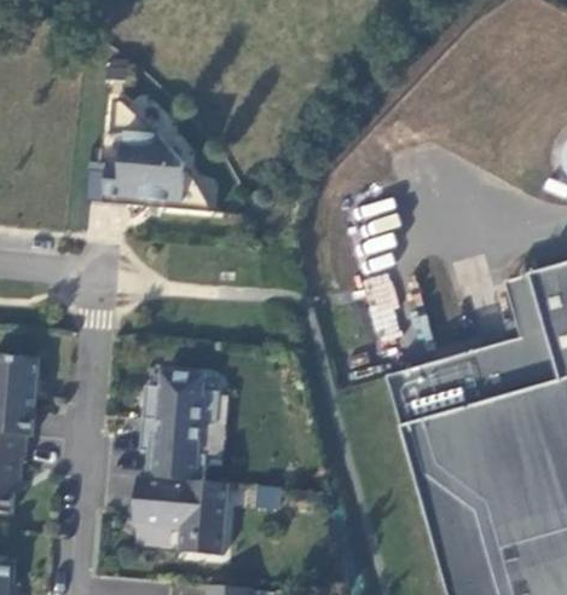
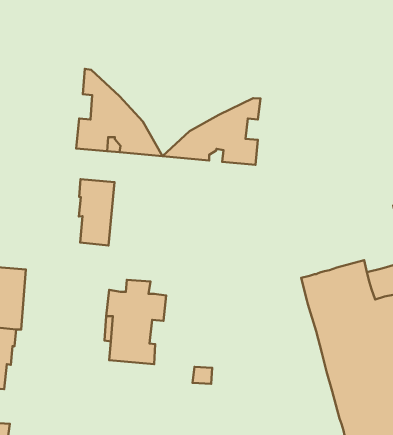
building: none -> [163,98,260,165]
building: none -> [79,179,115,245]
building: [135,474,230,554] -> none

